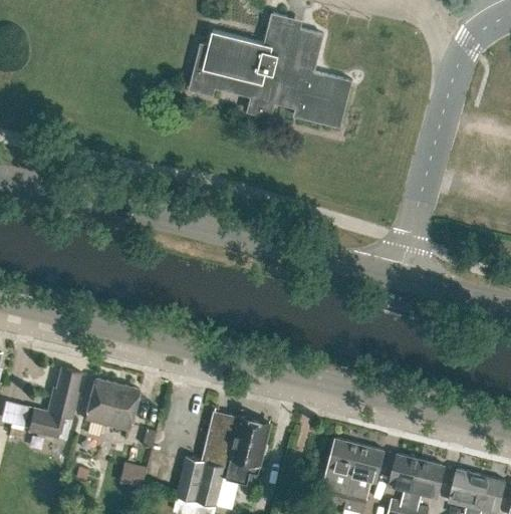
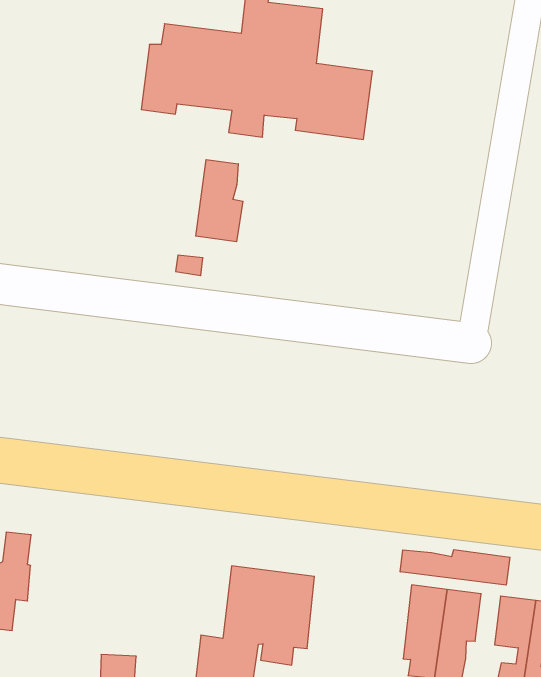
building: none -> [196,160,243,242]
building: [83,377,139,430] -> none
building: none -> [400,550,510,585]

